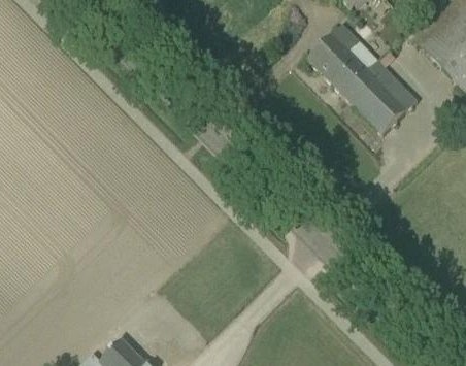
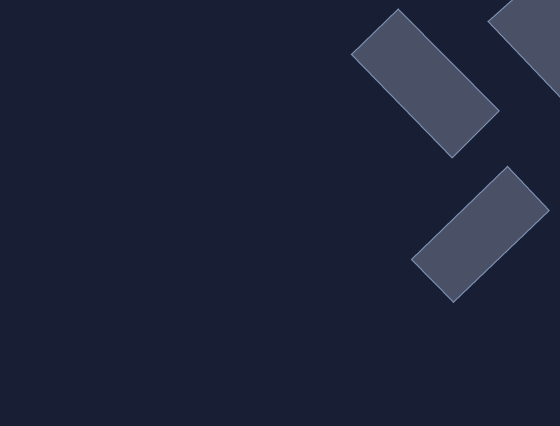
building: none -> [412,166,549,302]

